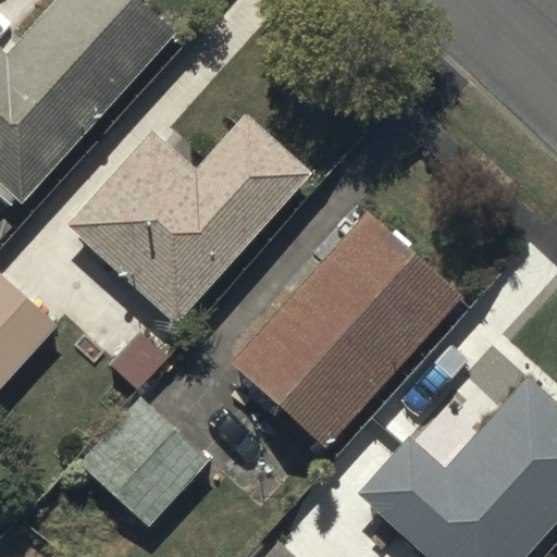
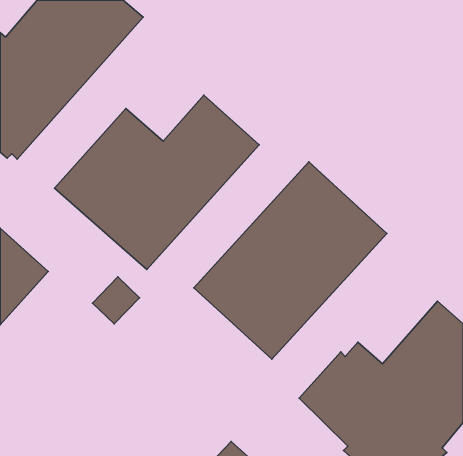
building: [78,404,207,532] -> none

